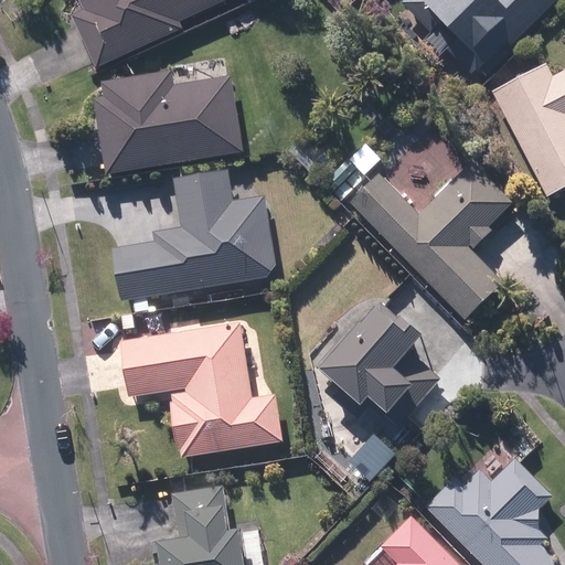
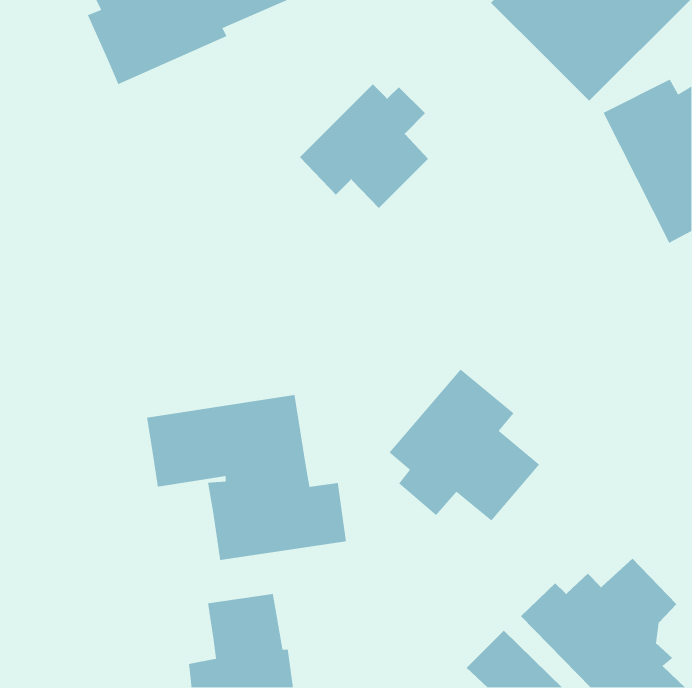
building: none -> [299,84,429,209]
building: [95,72,242,174] -> none
building: [350,161,512,319] -> none
building: [113,168,276,300] -> none

